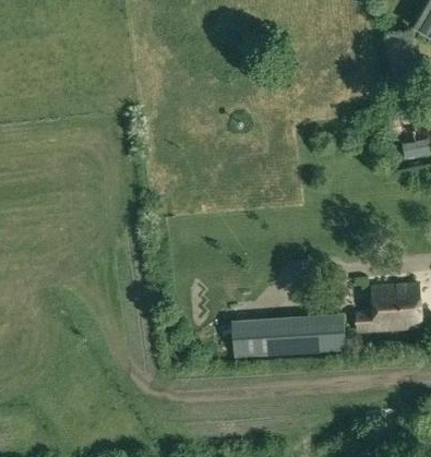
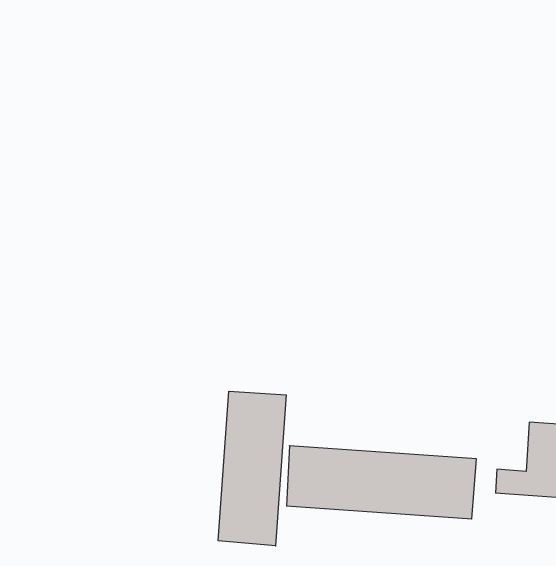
building: none -> [218,391,286,546]

